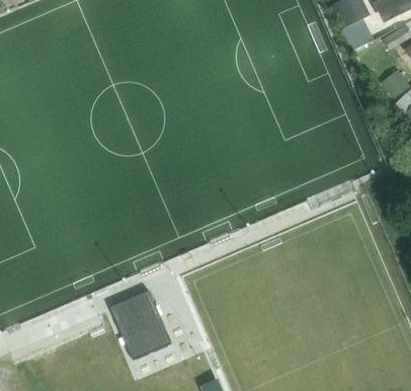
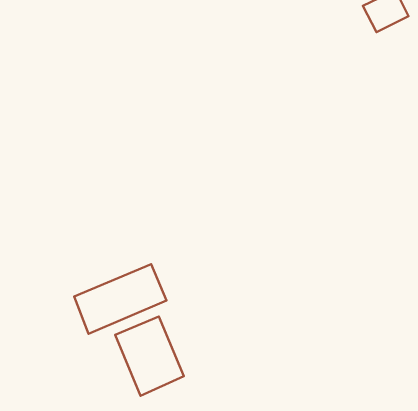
building: none -> [74,264,167,334]

